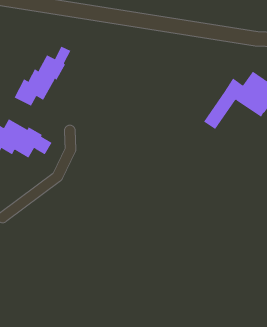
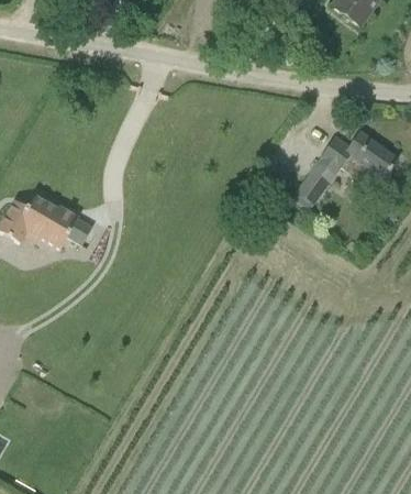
building: [14,46,71,107] -> none

